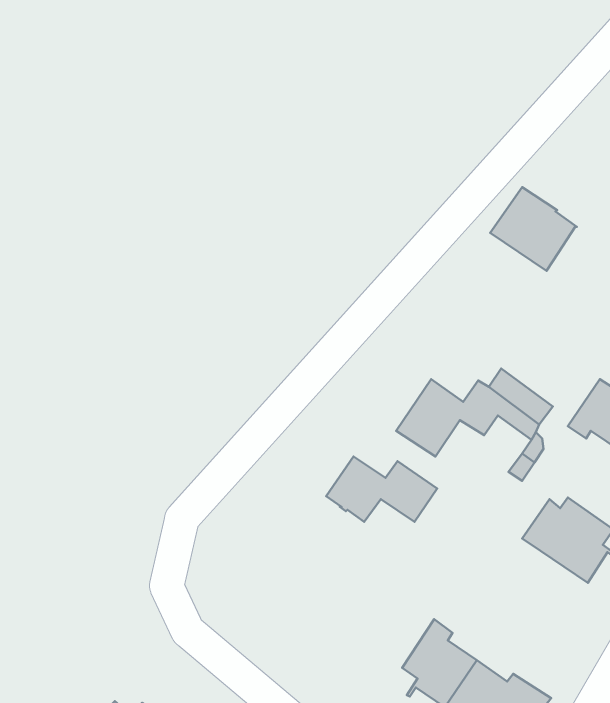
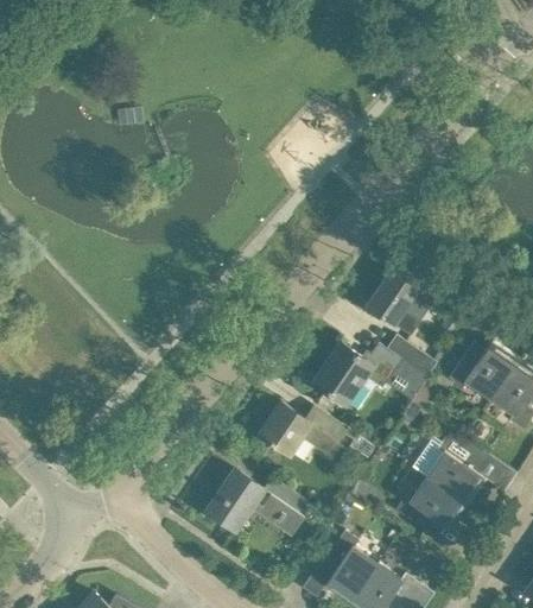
building: [490,187,577,271] -> [366,271,433,336]
building: none -> [207,469,315,536]
building: none -> [395,476,463,534]

